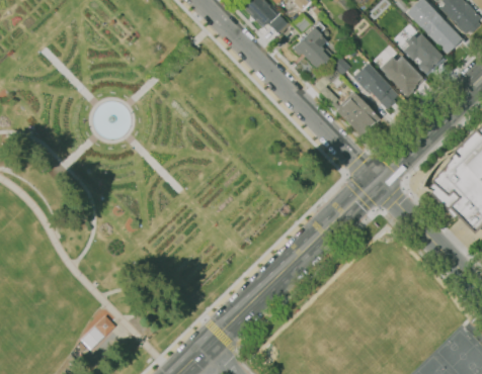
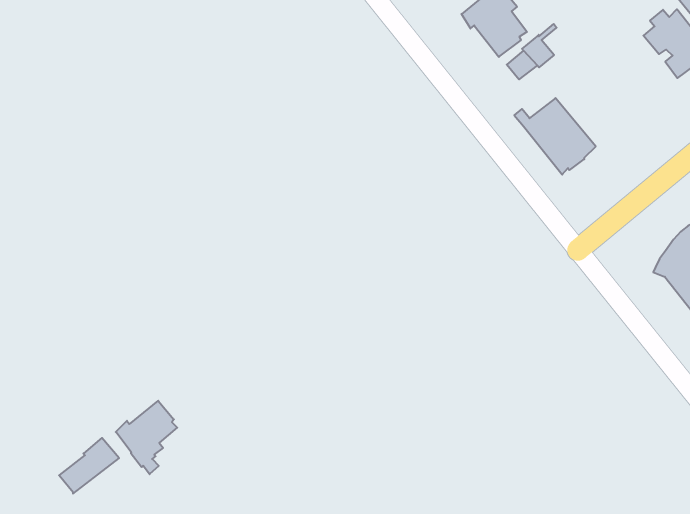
building: [380,56,421,97] -> none
building: [352,63,398,109] -> none
building: none -> [116,401,177,474]

